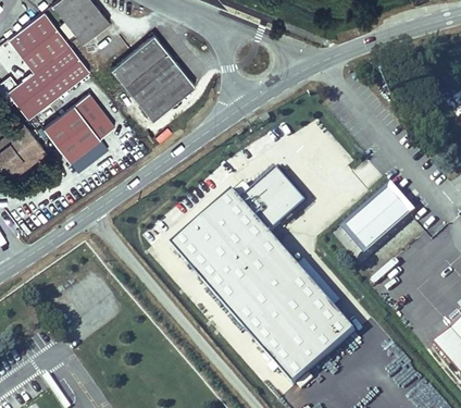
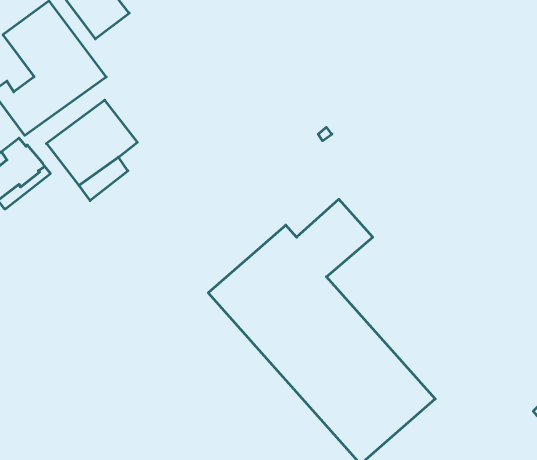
building: [110,34,194,120] -> none
building: [346,190,409,251] -> none

